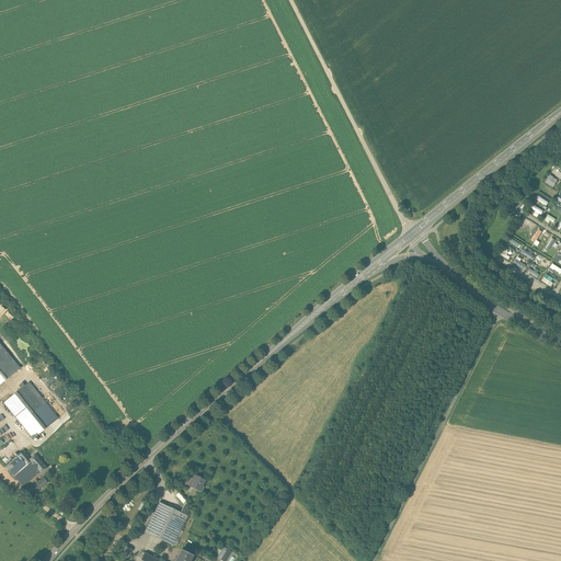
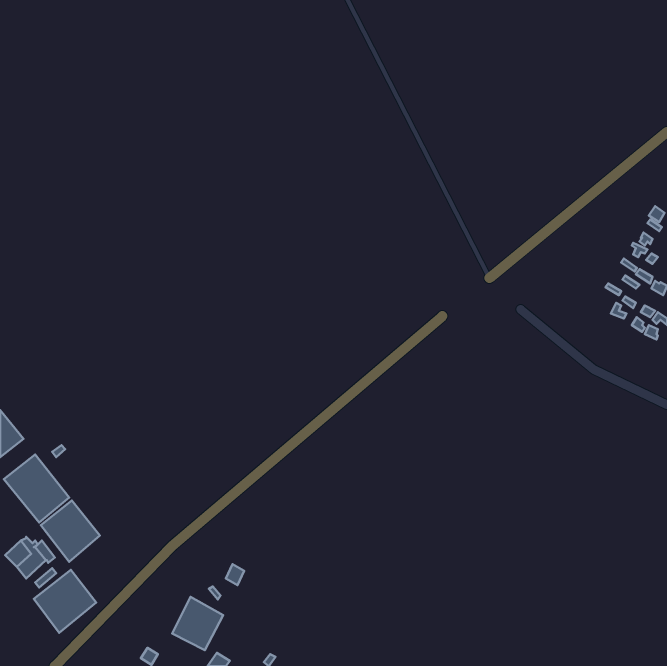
building: none -> [41,500,100,562]
building: none -> [34,570,96,633]

